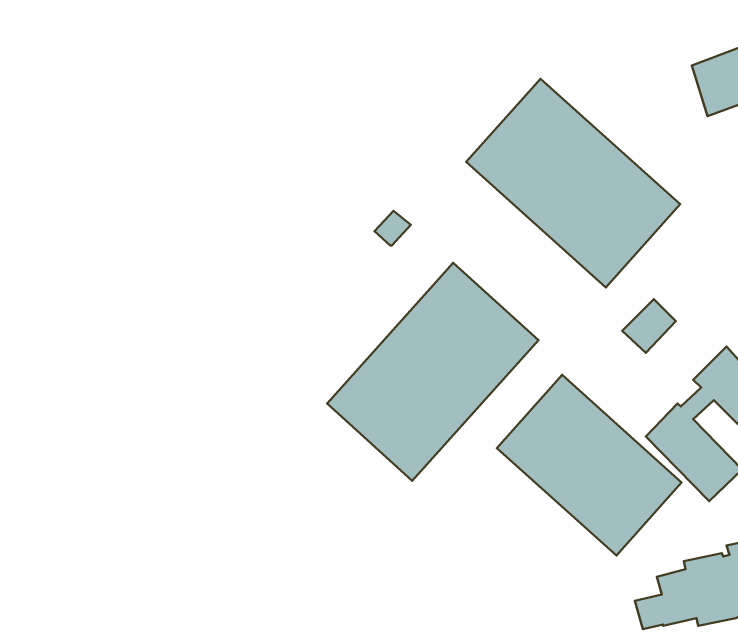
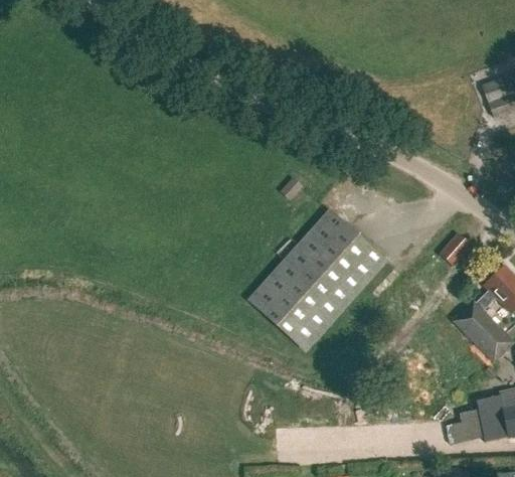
building: [466,79,680,288] -> none
building: [497,375,682,556] -> none

